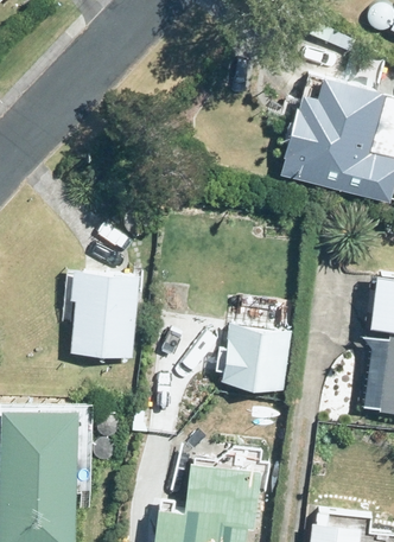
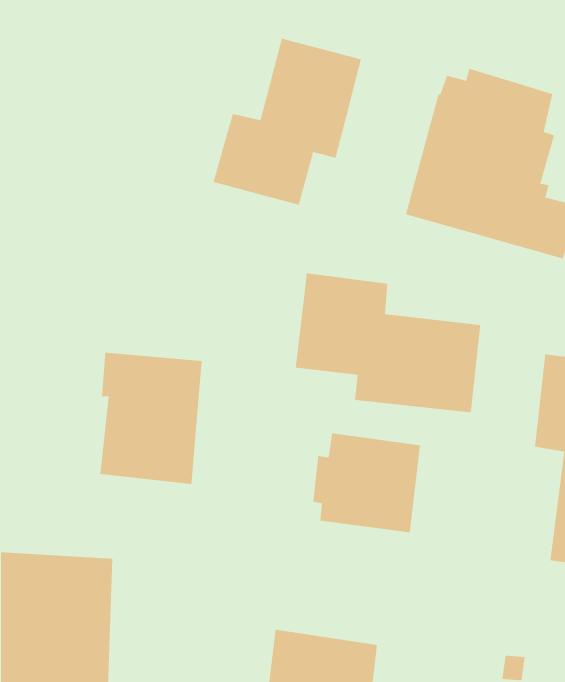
building: none -> [213,38,362,206]
building: none -> [295,272,481,413]

